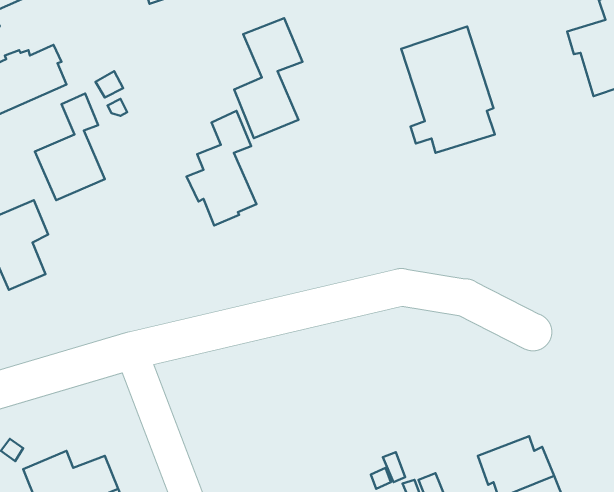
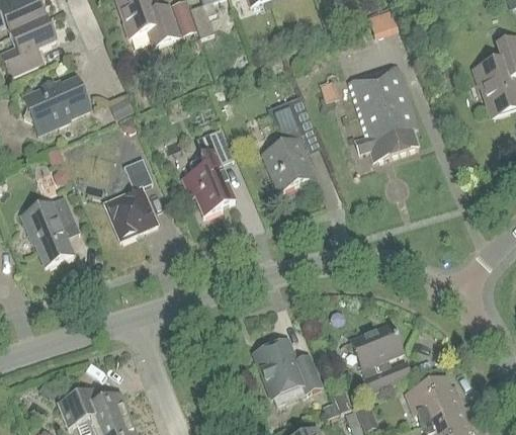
building: [234,18,303,138] -> [263,97,316,189]
building: [35,94,105,200] -> [103,157,157,239]
building: none -> [350,323,410,392]
building: none -> [255,340,318,396]

